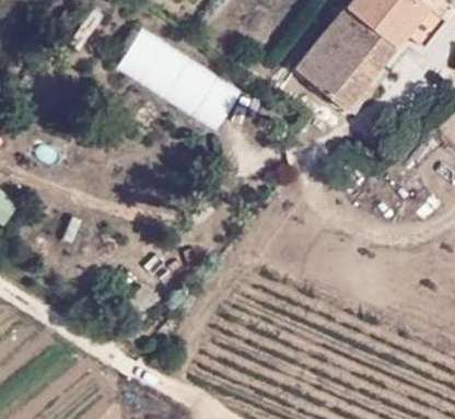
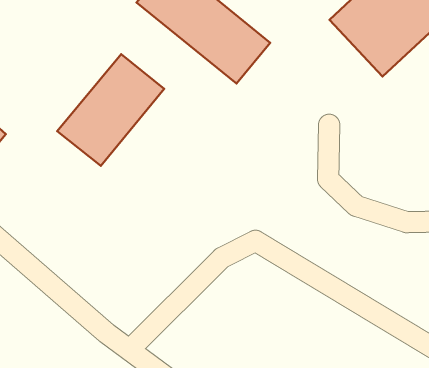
building: none -> [57,54,164,166]

